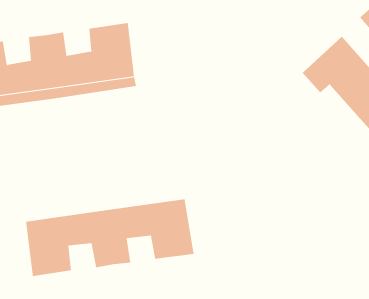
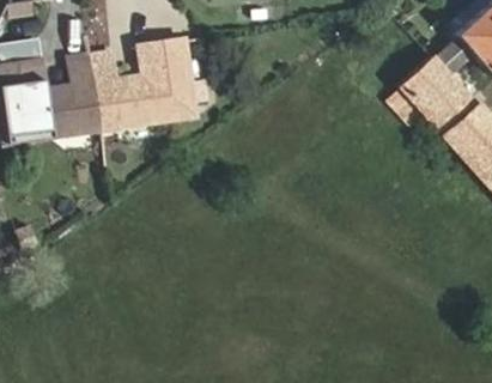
building: [25,198,194,277] -> none

